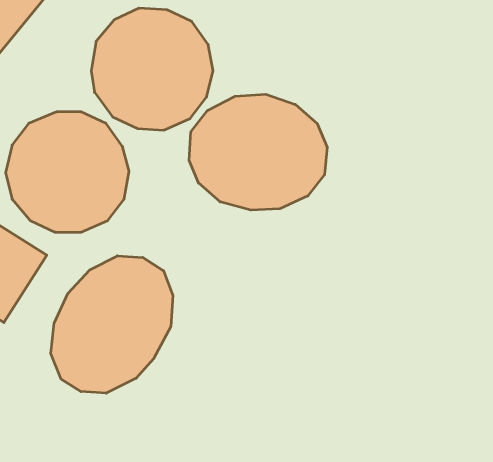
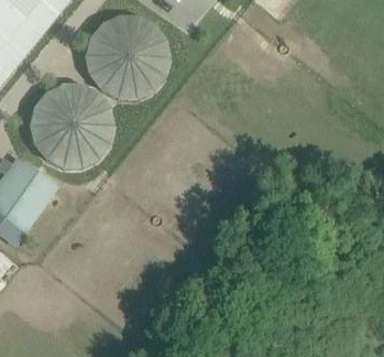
building: [189,94,327,210] -> none
building: [51,256,173,393] -> none

